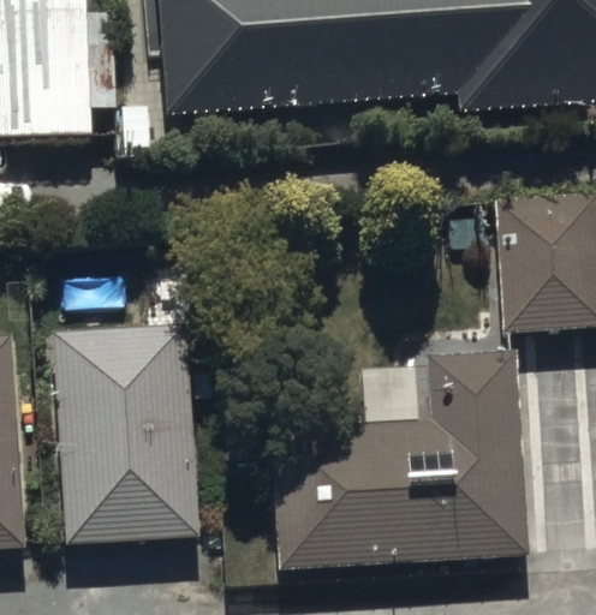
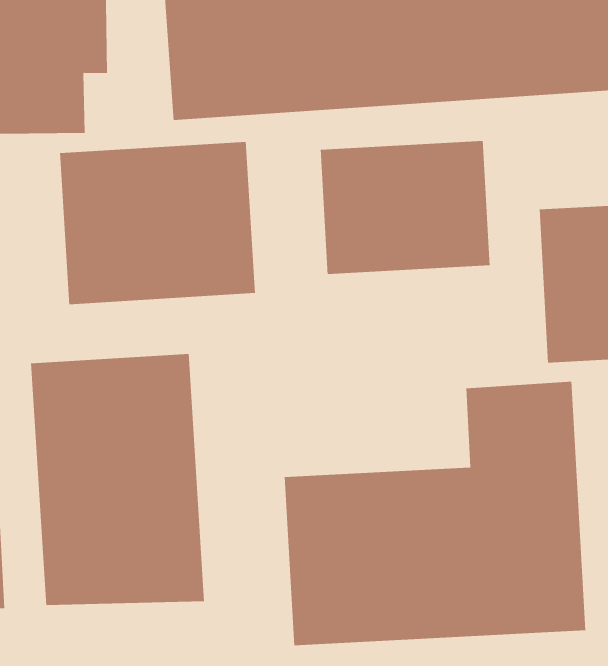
building: none -> [320,140,490,275]
building: none -> [59,141,255,305]

